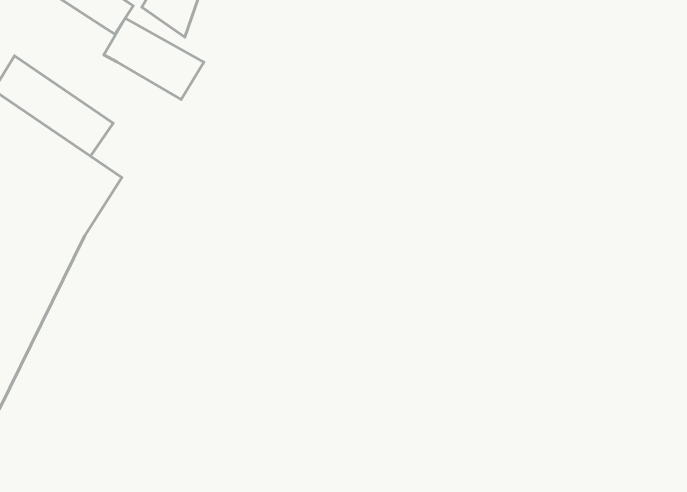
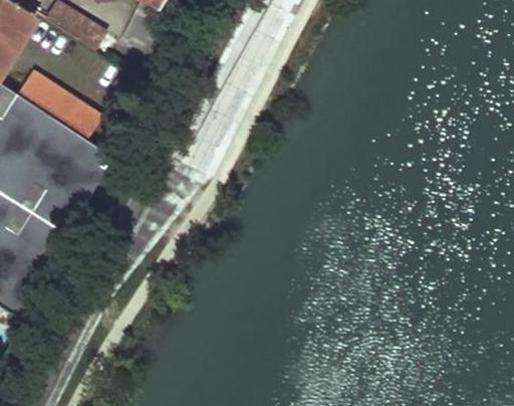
building: [104,18,204,100] -> none

